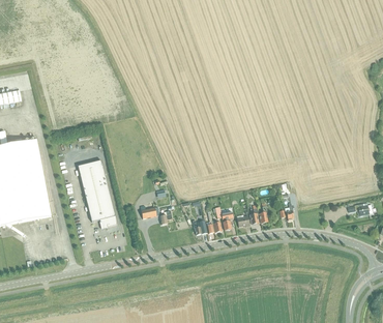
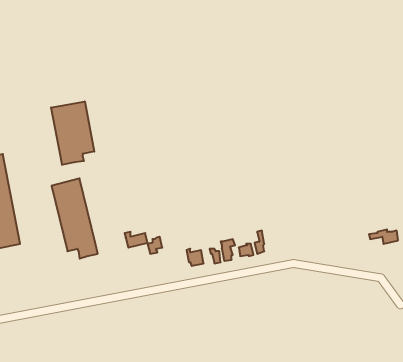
building: none -> [51,101,94,165]

